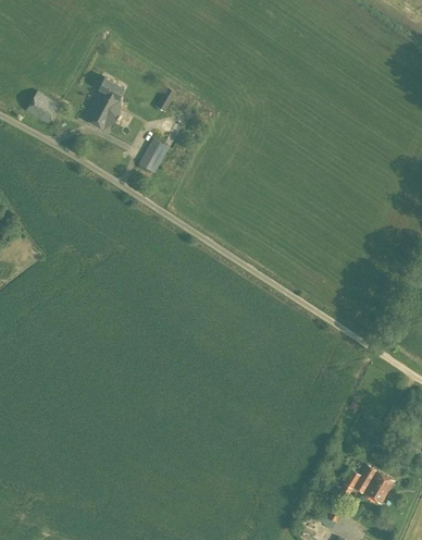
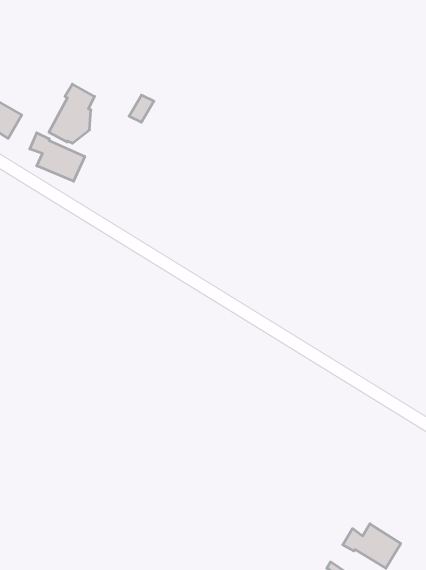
building: none -> [30,133,85,181]
building: [138,138,171,173] -> none

